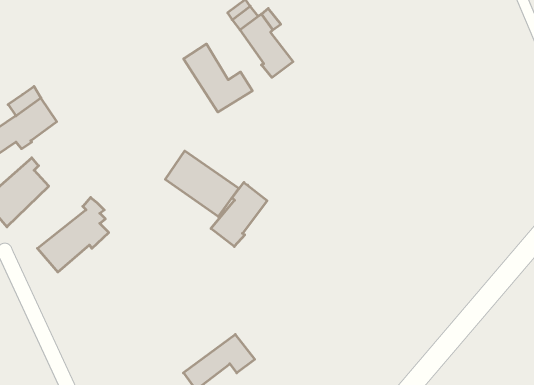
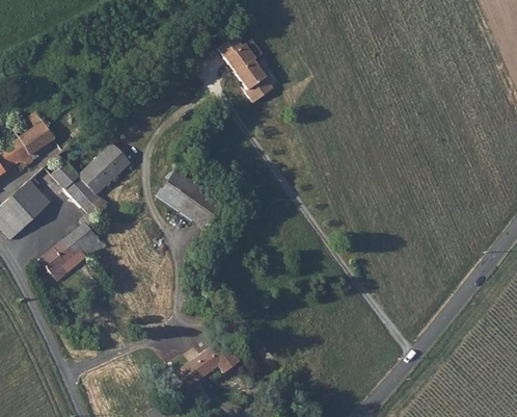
building: [184,44,252,112] -> none
building: none -> [52,144,131,217]
building: [211,182,267,247] -> none

